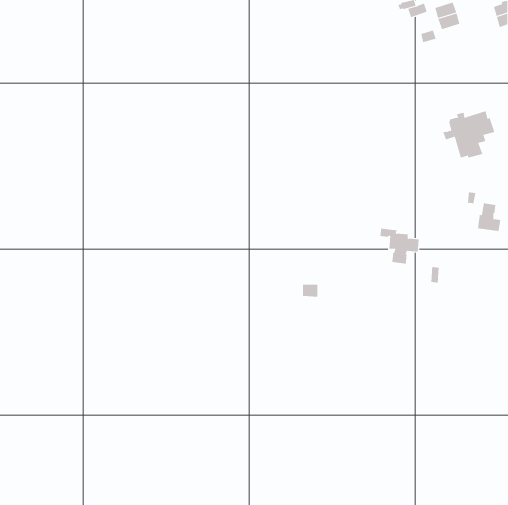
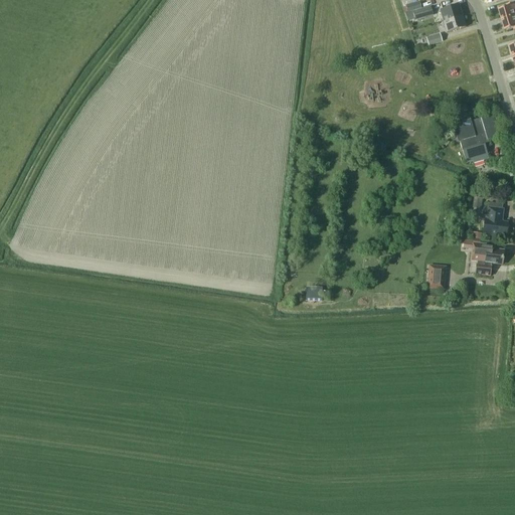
building: [380,228,419,264] -> [463,237,503,274]

